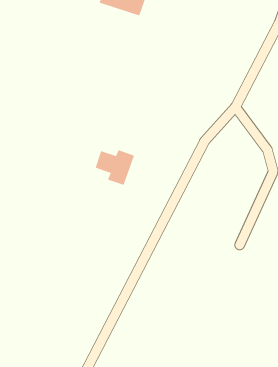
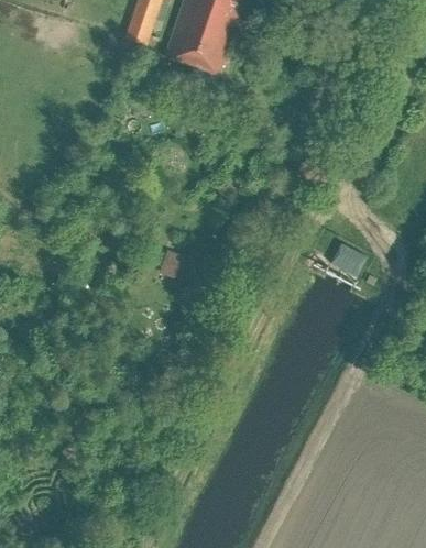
building: none -> [330,243,367,277]

